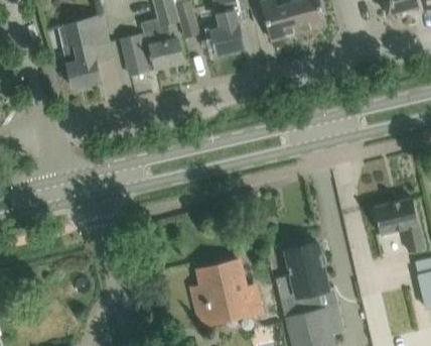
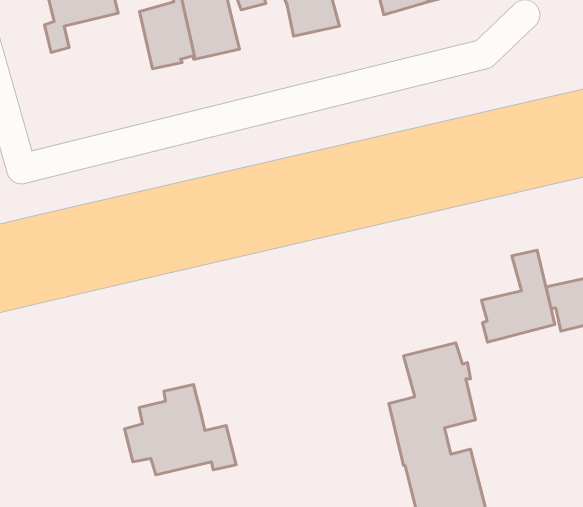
building: [67,43,101,89] -> none
building: none -> [482,250,555,342]
building: [193,260,262,316] -> [125,385,236,475]

